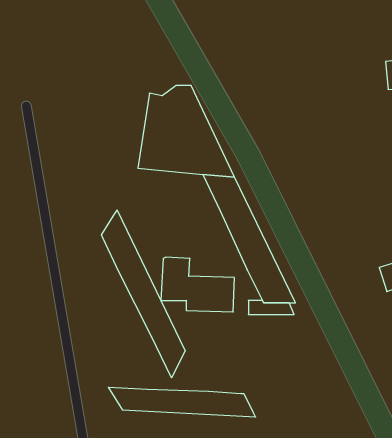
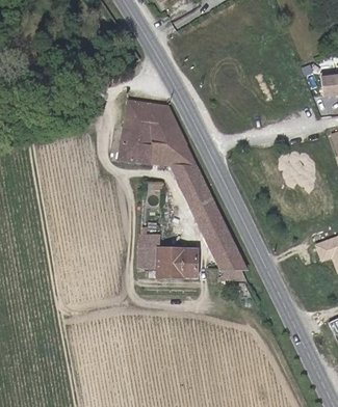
building: [101,210,185,378] -> none
building: [108,387,256,417] -> none

